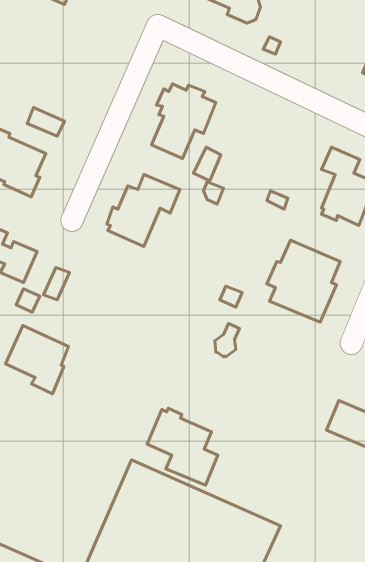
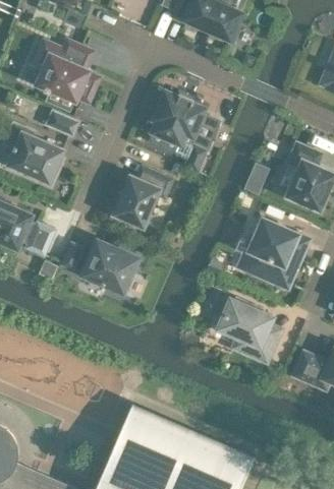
building: none -> [33,40,96,112]
building: [5,325,69,394] -> [84,241,135,297]
building: [147,408,218,485] -> [218,298,276,361]

